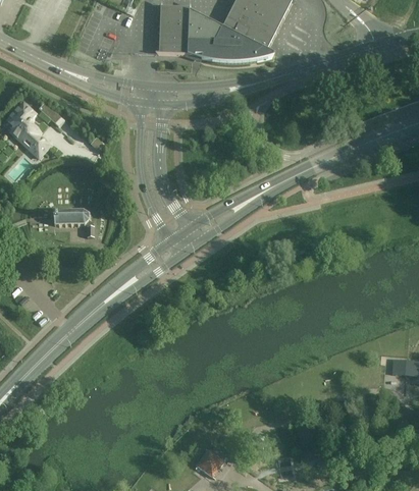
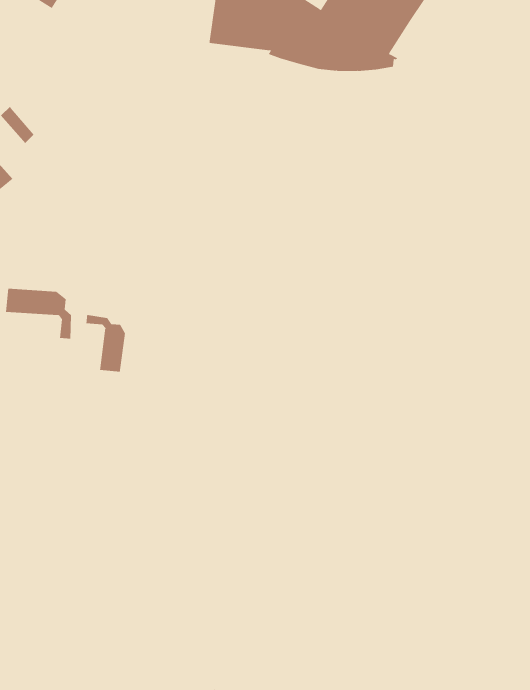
building: none -> [86,314,126,373]

